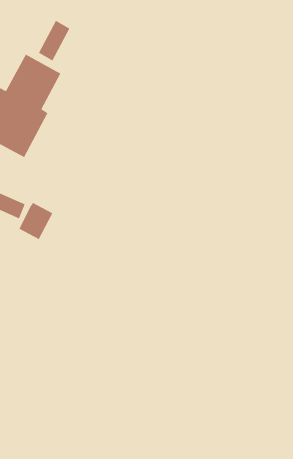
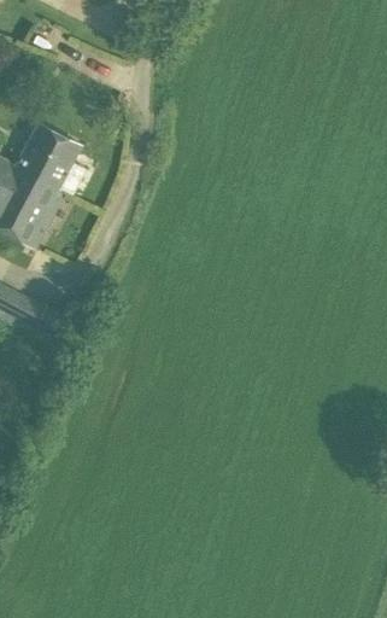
building: [38,20,70,61] -> none

